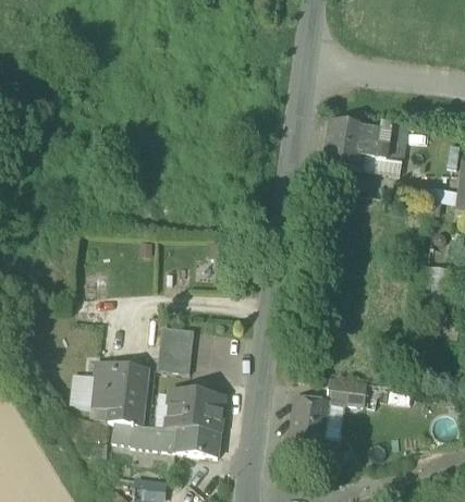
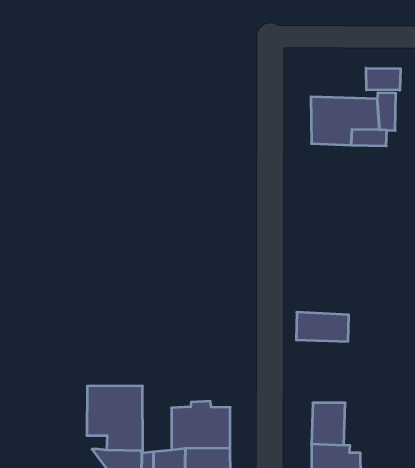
building: none -> [366,68,400,90]
building: [158,326,193,371] -> none
building: [328,376,378,407] -> [296,312,349,341]

